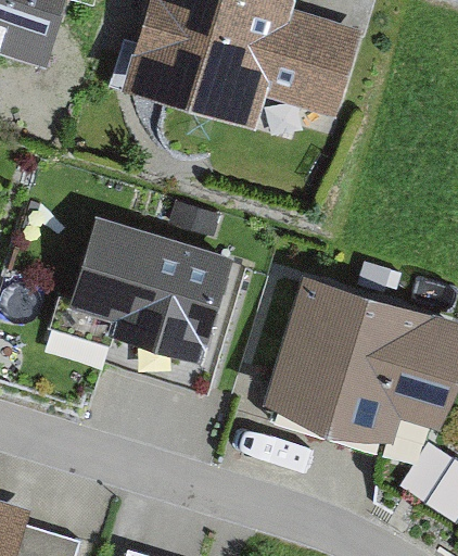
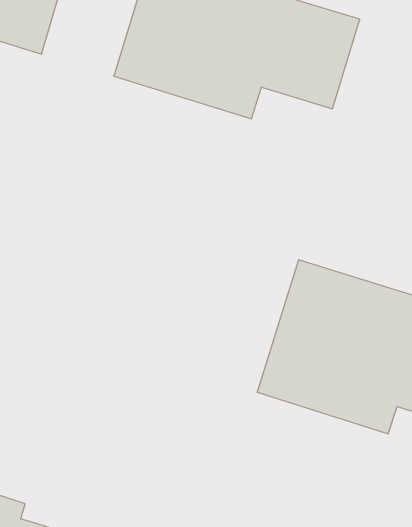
building: [49,216,233,364] -> none

